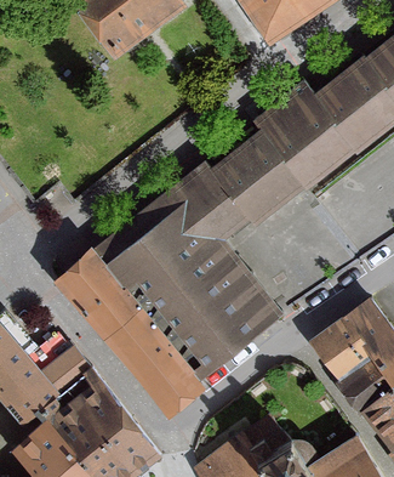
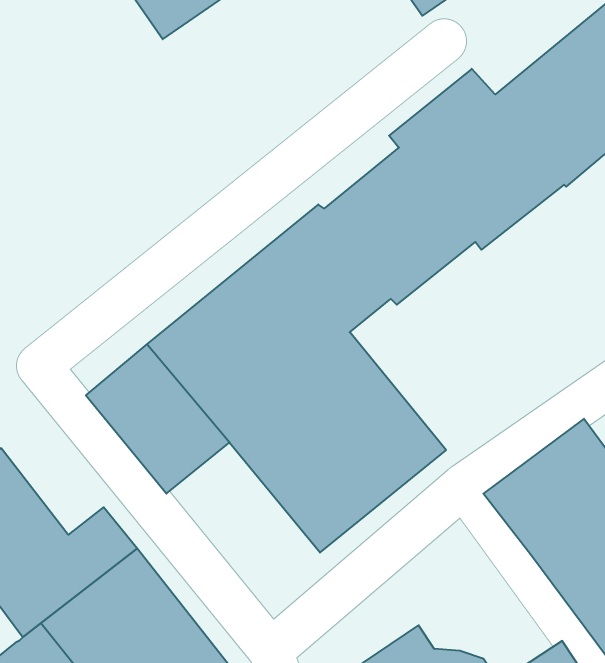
building: [112,312,215,421] -> none

